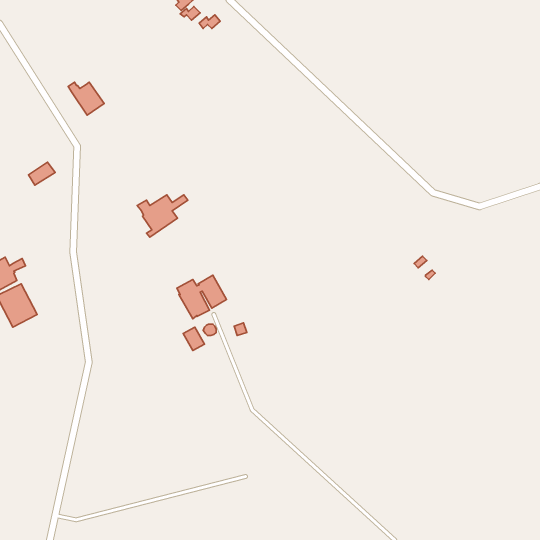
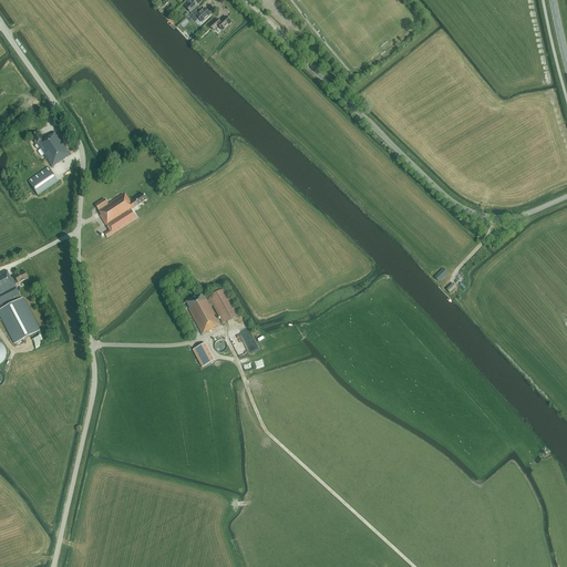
building: [68,82,104,115] -> [31,132,69,166]
building: [137,195,188,237] -> [93,193,146,237]

